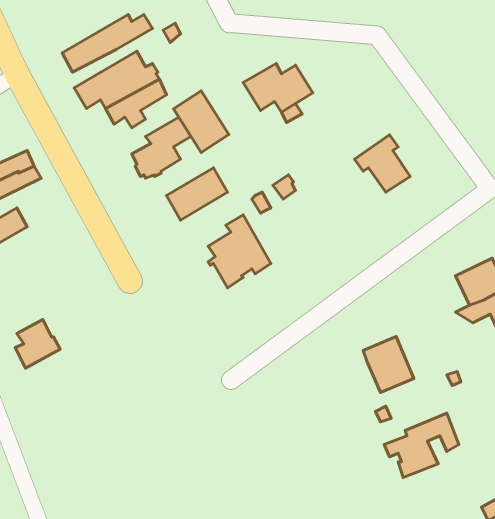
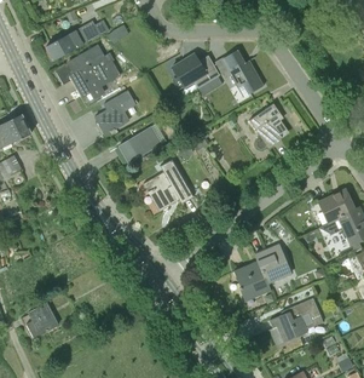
building: none -> [214,48,264,93]
building: [173,91,229,153] -> none
building: [15,320,60,368] -> [27,303,58,337]
building: none -> [235,260,271,299]

